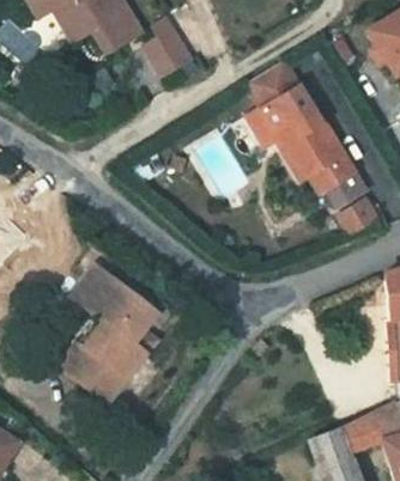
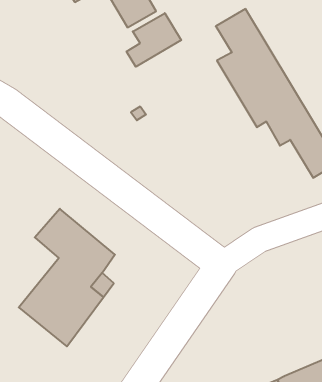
building: none -> [127,13,181,67]

